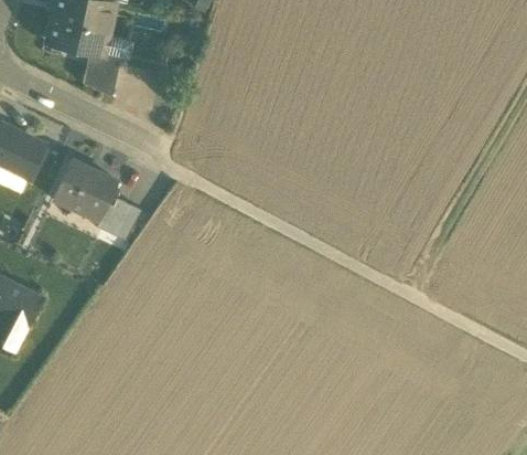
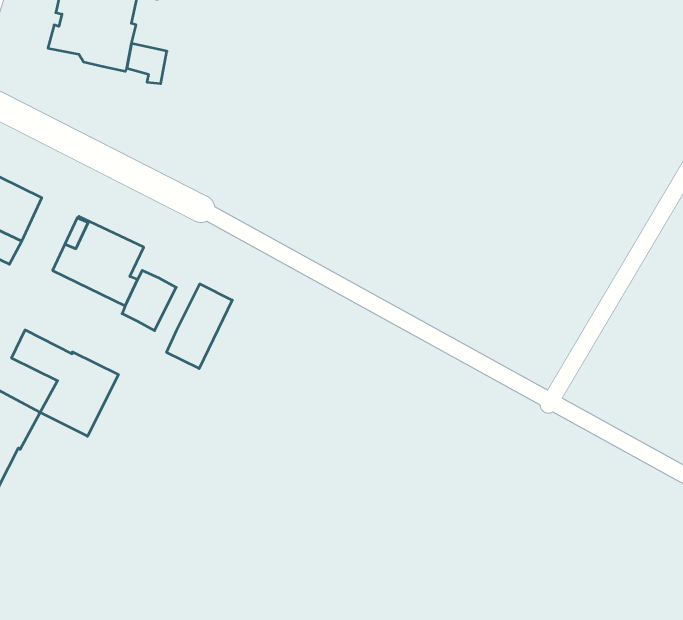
building: [83,52,120,96] -> none
building: none -> [167,284,232,369]
building: none -> [12,330,118,436]

